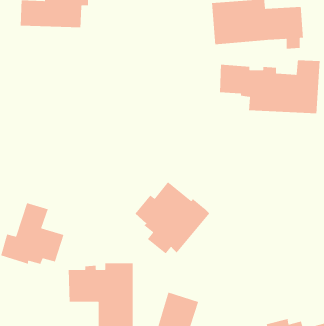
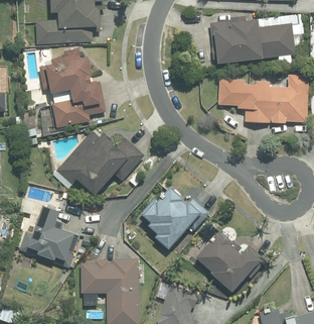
building: none -> [38,49,104,128]
building: none -> [53,133,145,195]
building: none -> [196,229,263,291]

